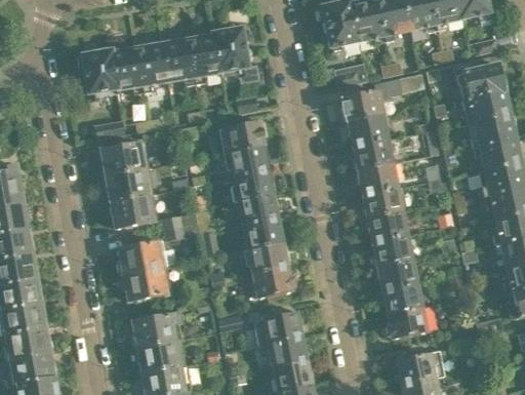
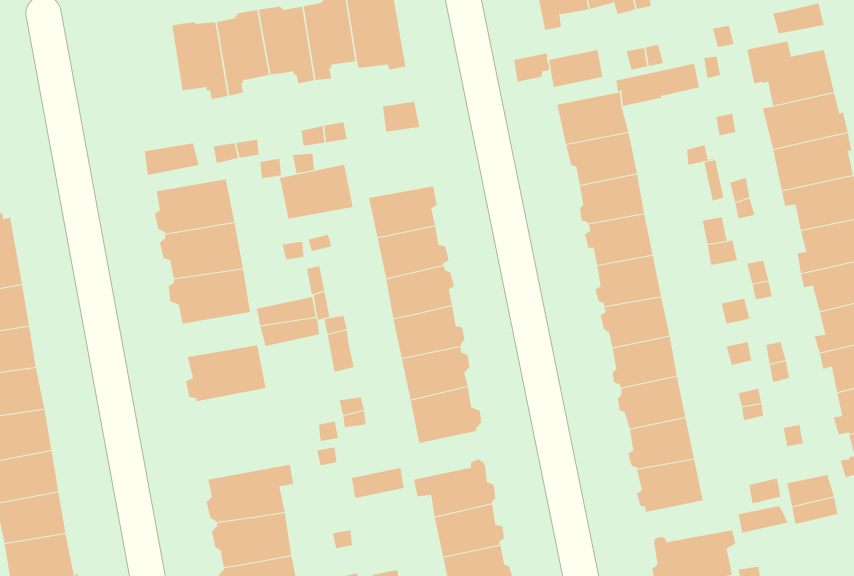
building: [81,50,116,102] -> none
building: [221,120,266,153] -> [279,164,353,219]
building: [121,266,171,301] -> none

